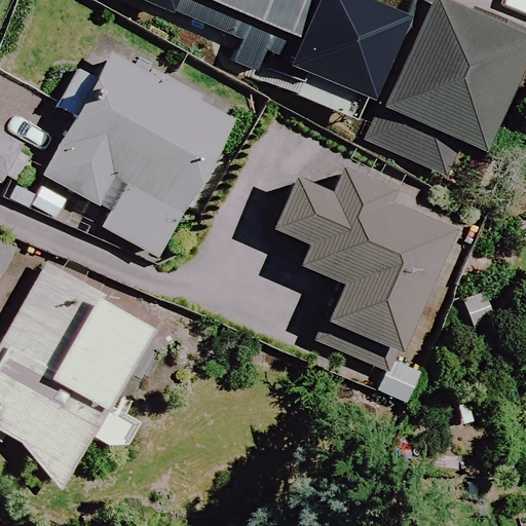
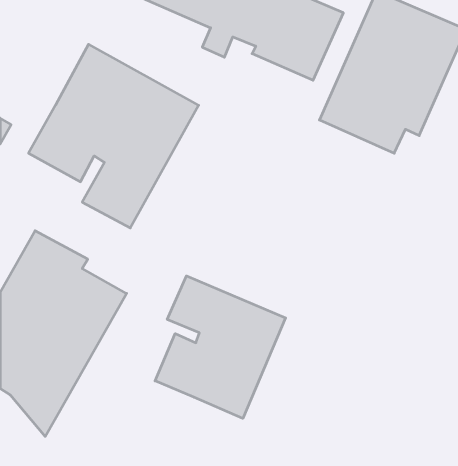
building: [275,171,455,355] -> none
building: none -> [155,276,286,418]

